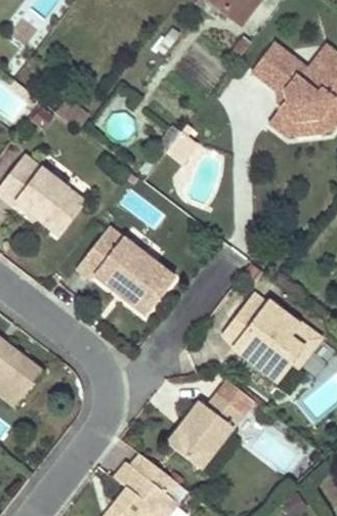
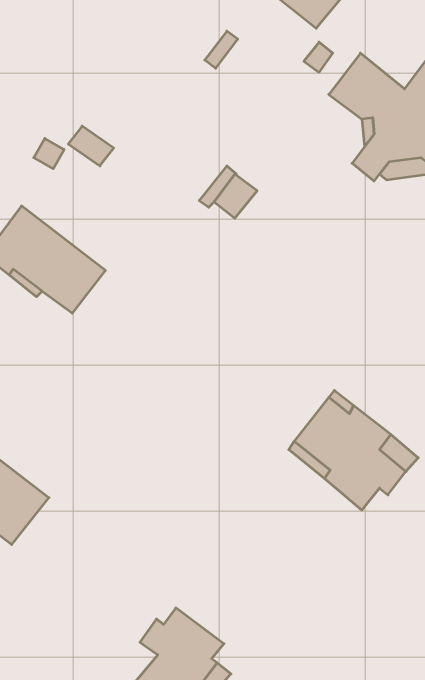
building: [79,227,174,313] -> none
building: [165,380,253,470] -> none

